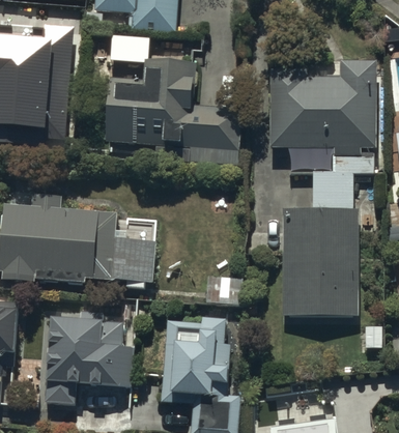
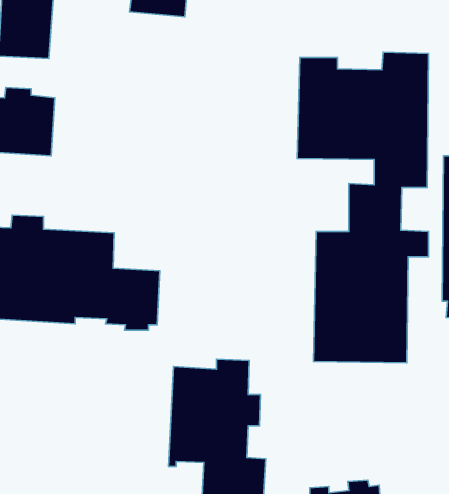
building: [106,58,244,164] -> none
building: [46,317,134,403] -> none

